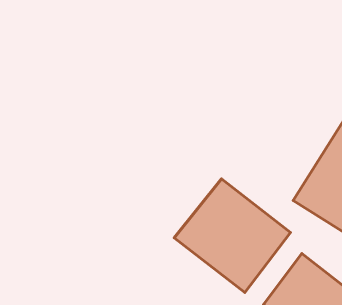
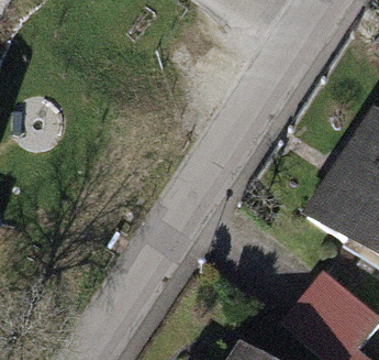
building: [174,179,291,292] -> none

